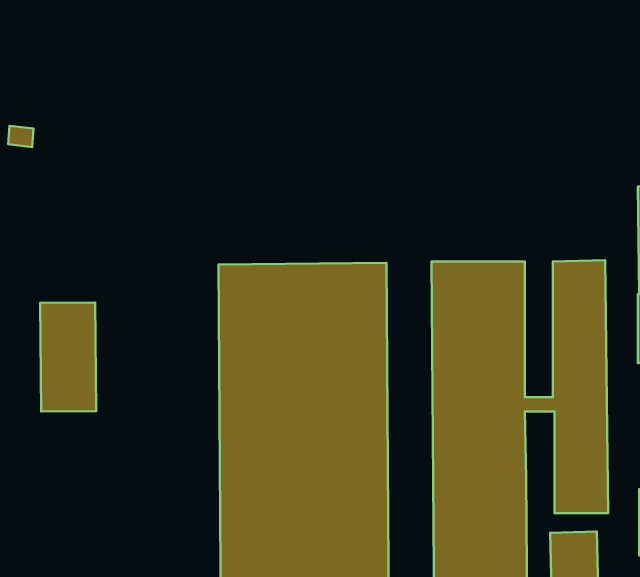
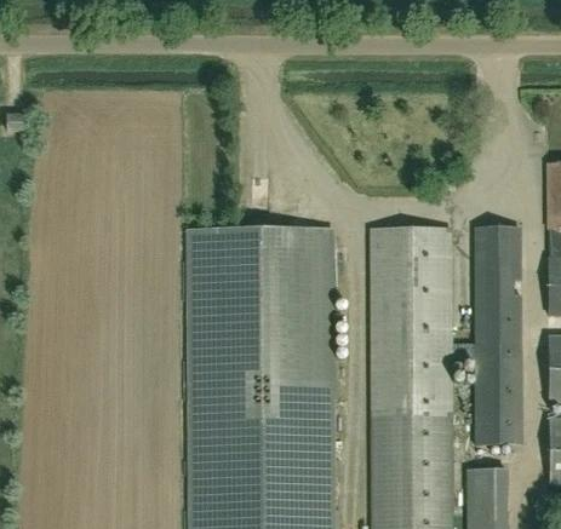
building: [40,303,96,411] -> none

